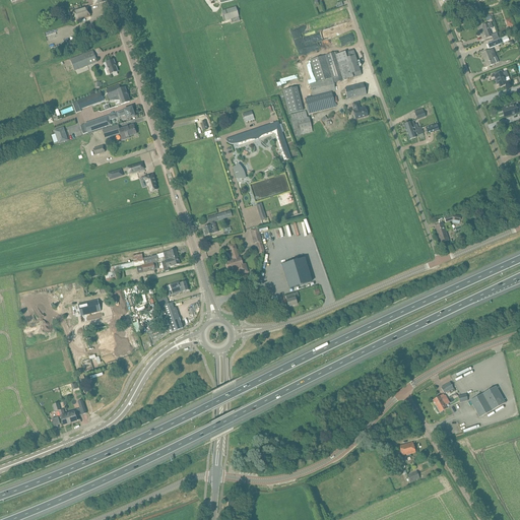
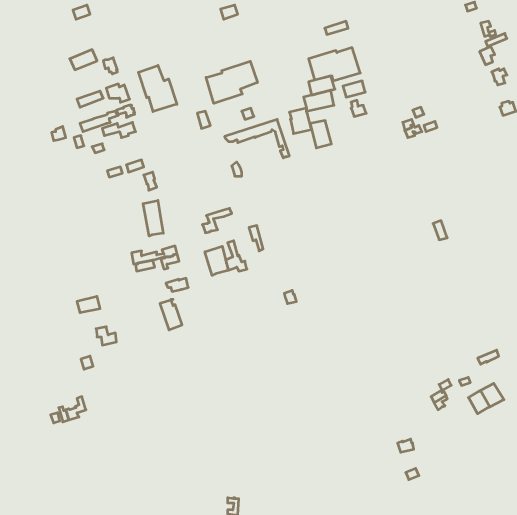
building: none -> [206,61,257,103]
building: none -> [138,65,177,112]
building: [282,85,304,113] -> [310,121,331,148]
building: none -> [143,200,163,236]
building: none -> [205,246,228,275]
building: [282,256,311,285] -> none

